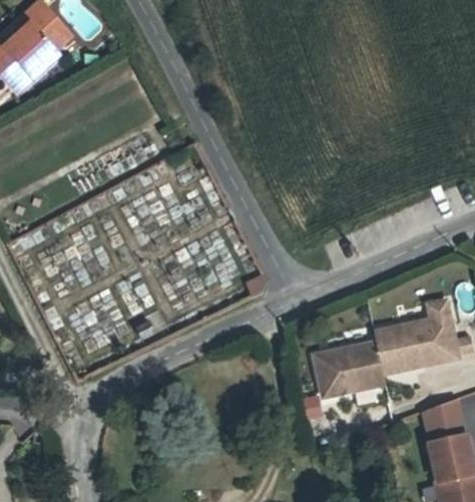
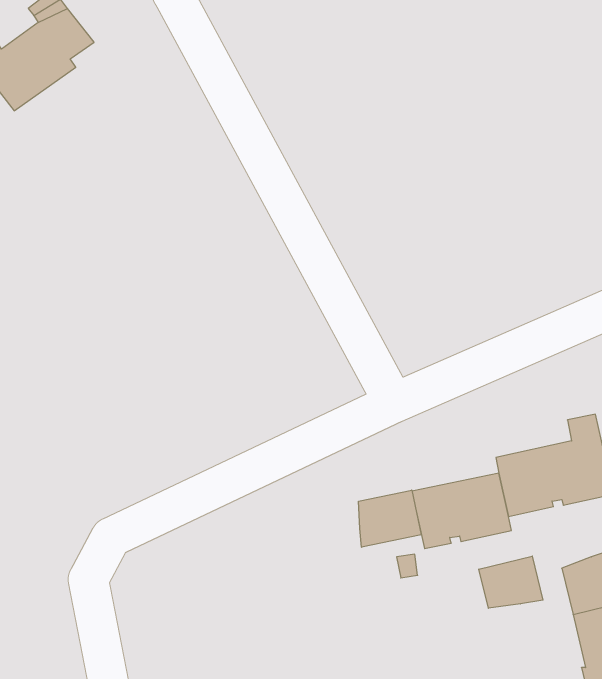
building: none -> [359,490,421,547]
building: none -> [479,556,543,608]

